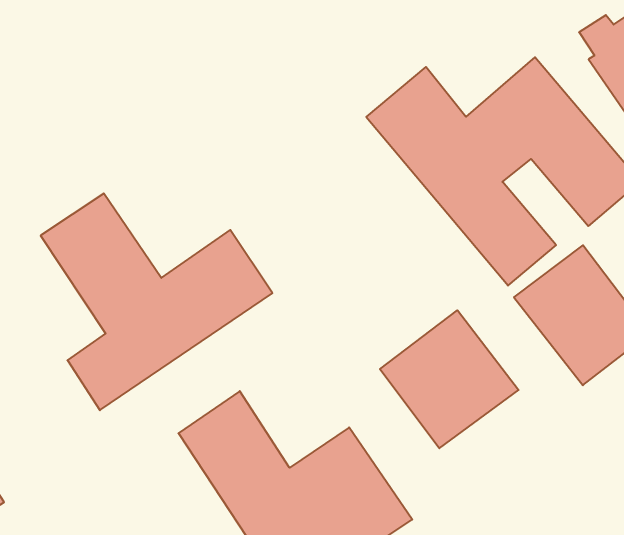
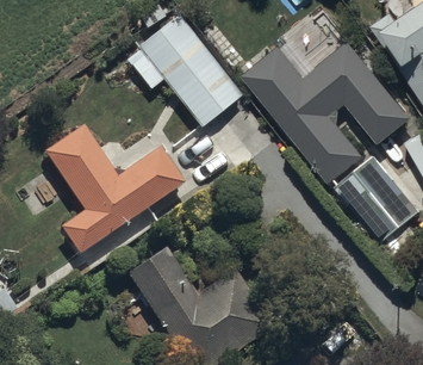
building: none -> [130,16,243,128]
building: [380,310,519,448] -> none

